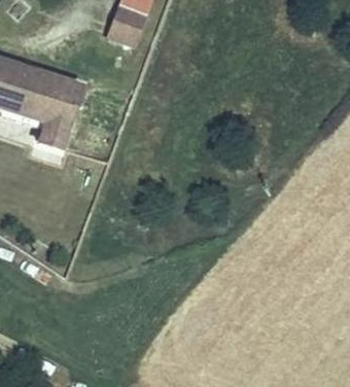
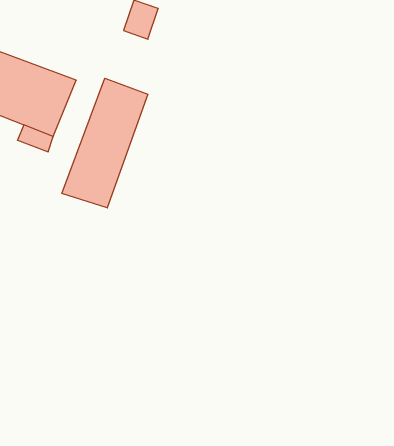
building: none -> [62,78,148,208]

